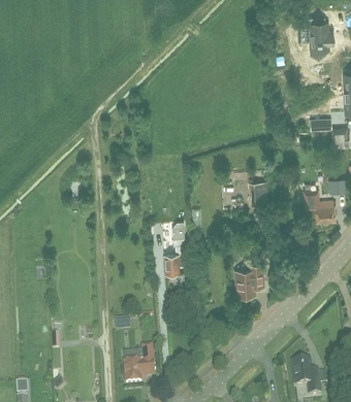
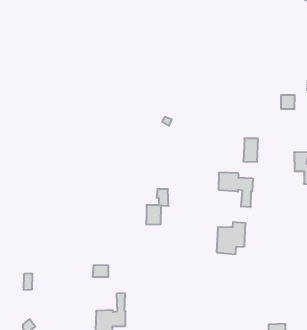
building: none -> [219,172,253,207]

